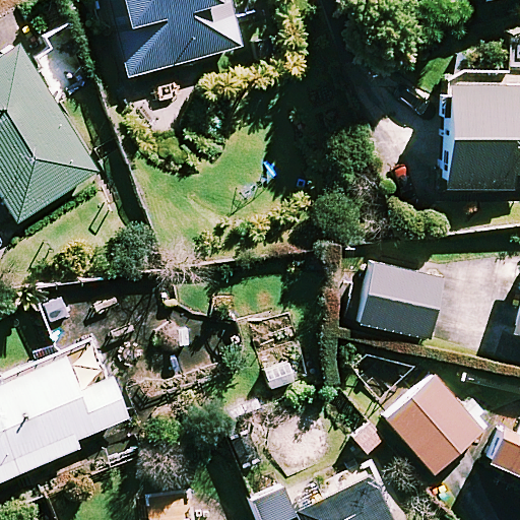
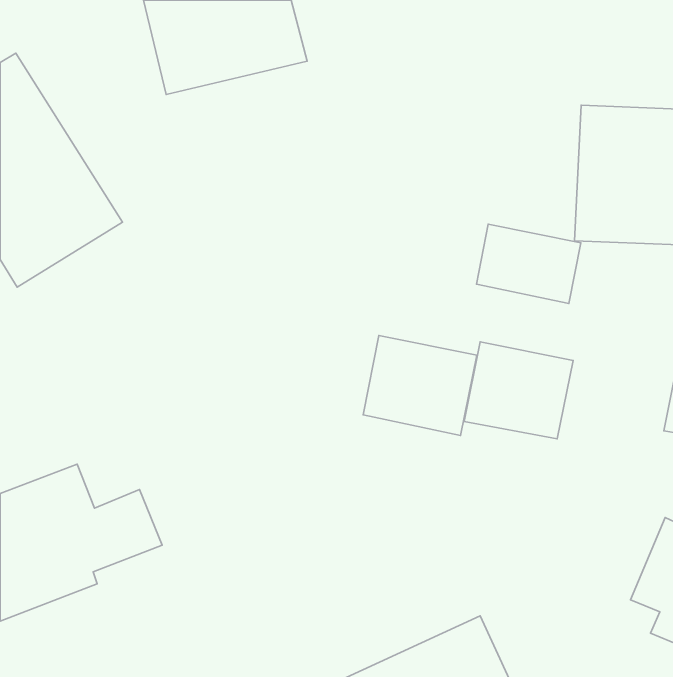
building: none -> [477,224,581,304]
building: none -> [363,336,477,436]
building: [388,377,485,472] -> none

